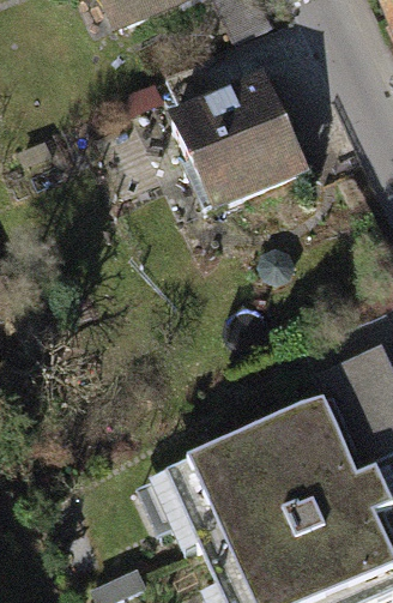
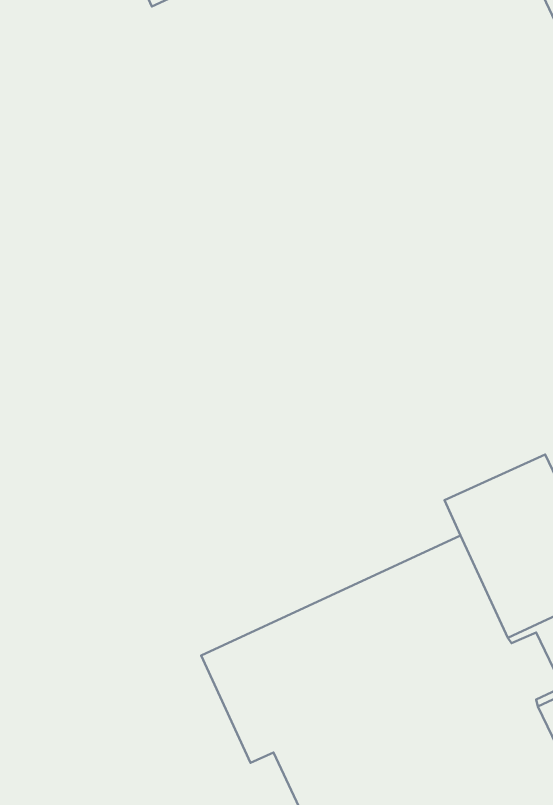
building: [170,68,312,213] -> none

